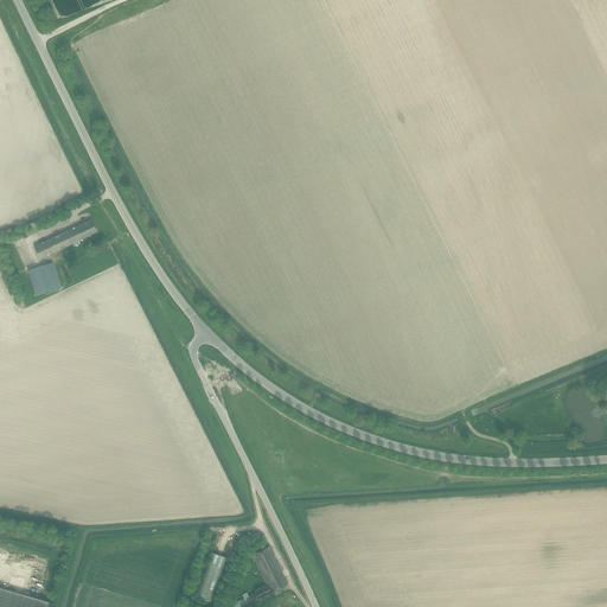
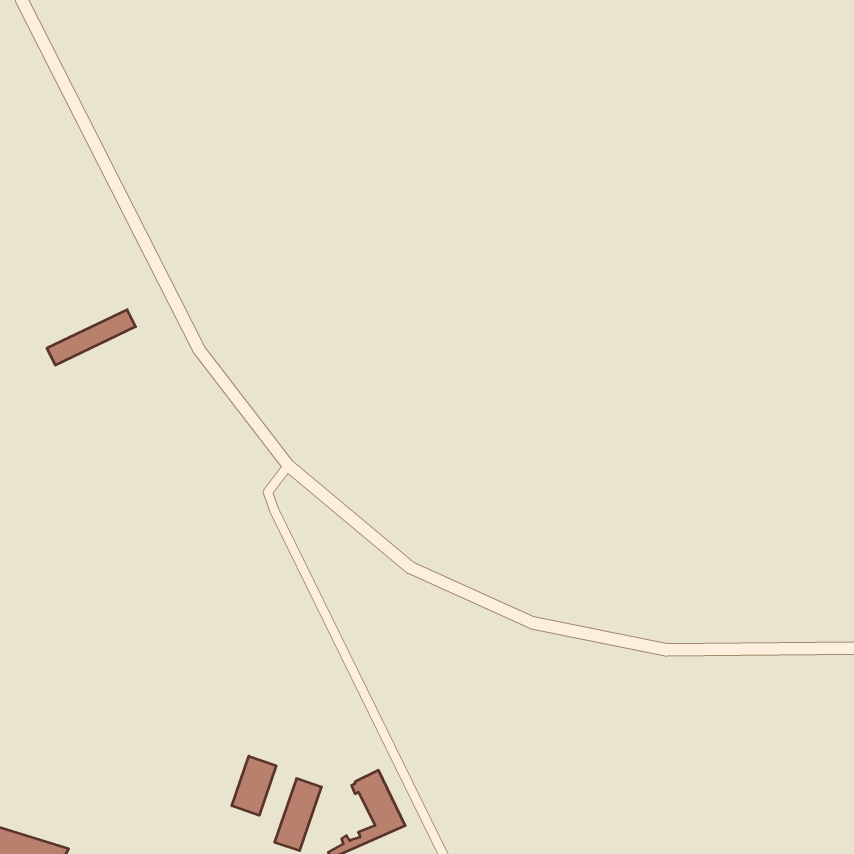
building: [27,263,59,296] -> none
building: none -> [232,756,276,815]

